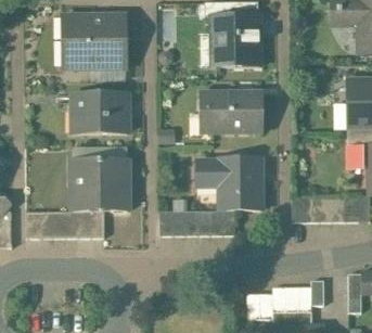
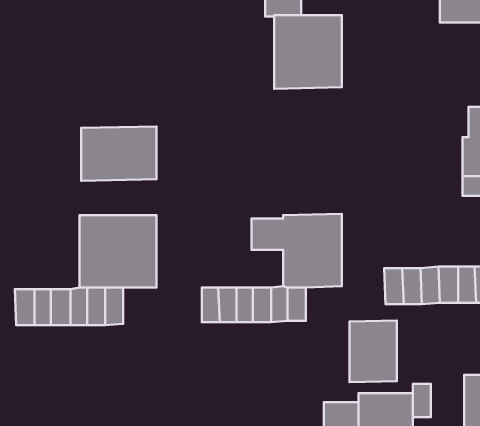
building: [62,14,127,68] -> none
building: [200,91,260,130] -> none
building: none -> [350,321,397,382]

